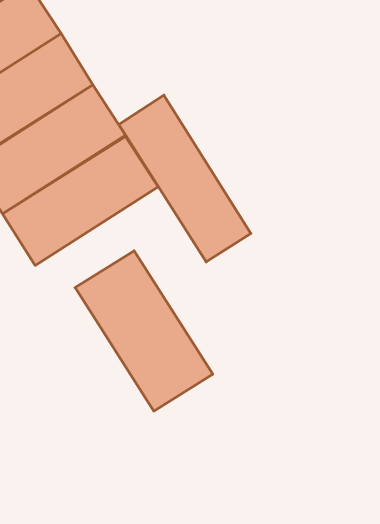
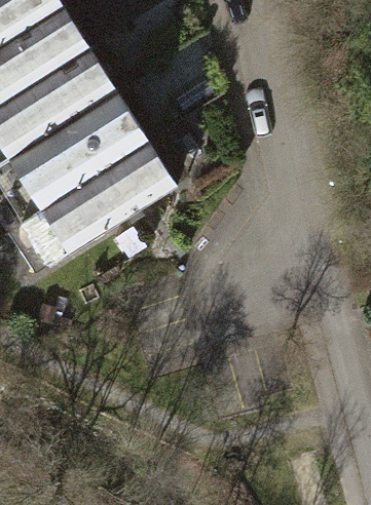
building: [119,95,251,262] -> none
building: [75,251,213,411] -> none

